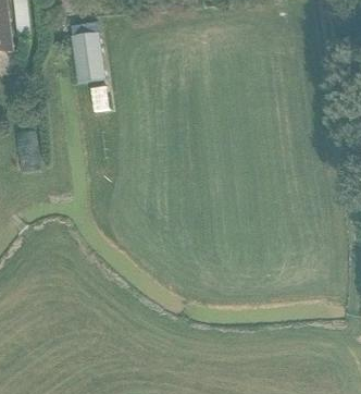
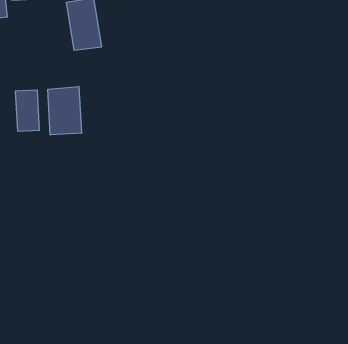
building: none -> [48,86,81,135]

